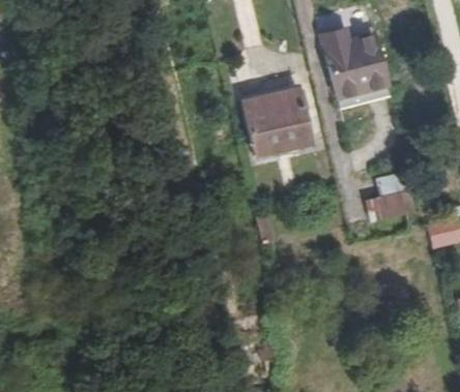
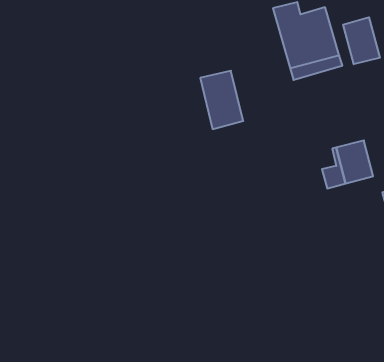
building: none -> [343,17,380,64]
building: [278,91,315,148] -> none

